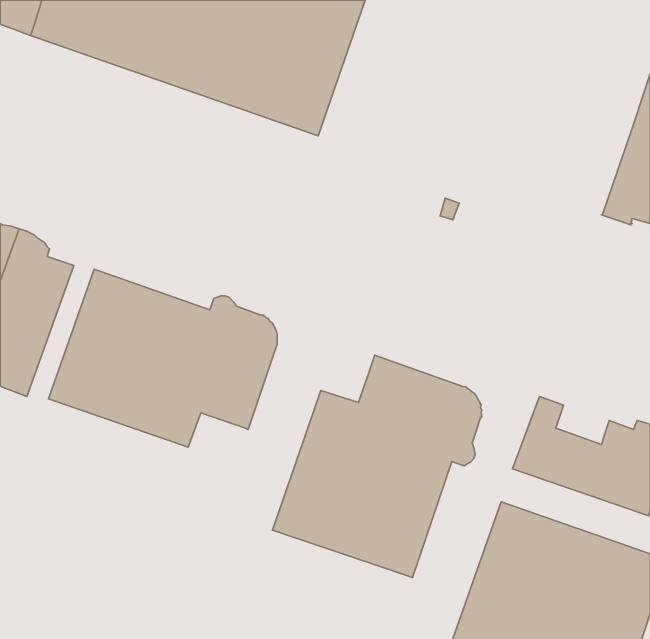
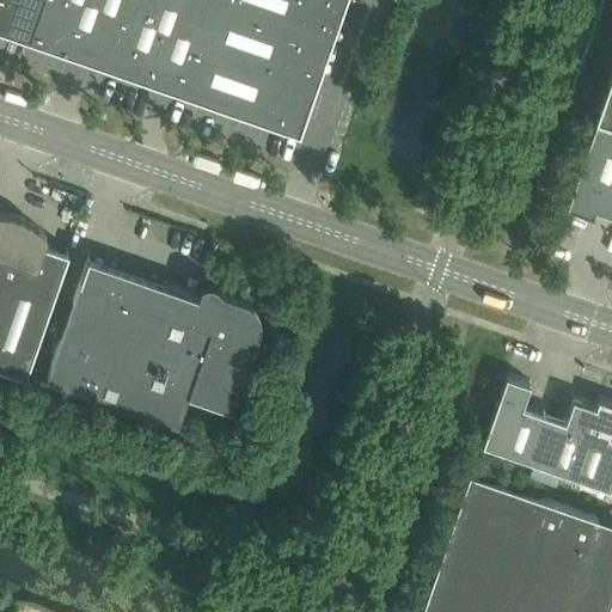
building: [273,355,482,577] -> none

